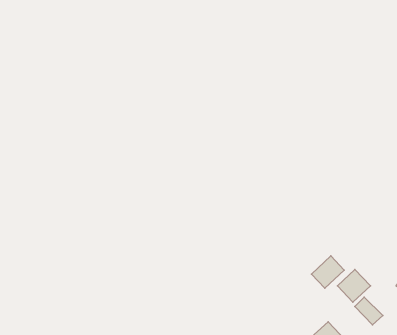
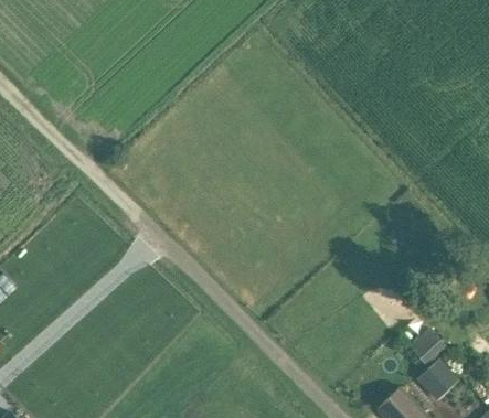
building: [311,256,344,288] -> none

